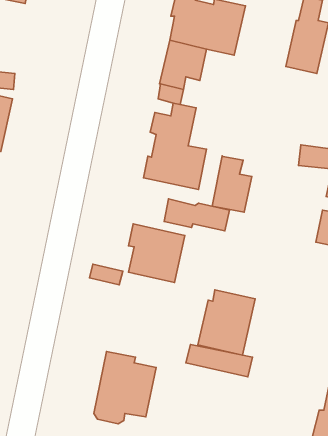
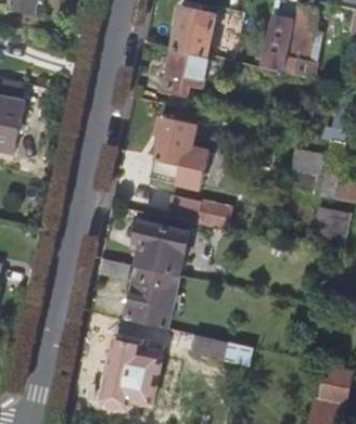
building: none -> [260,21,292,72]
building: [212,156,252,212] -> none
building: [198,290,255,355] -> [123,267,177,329]

